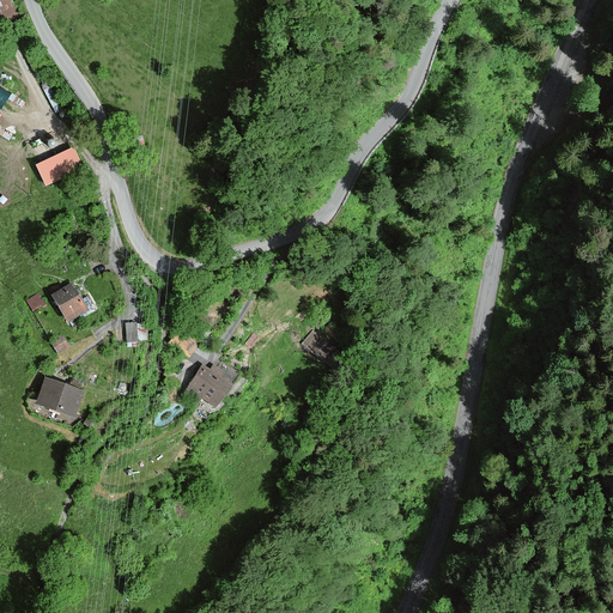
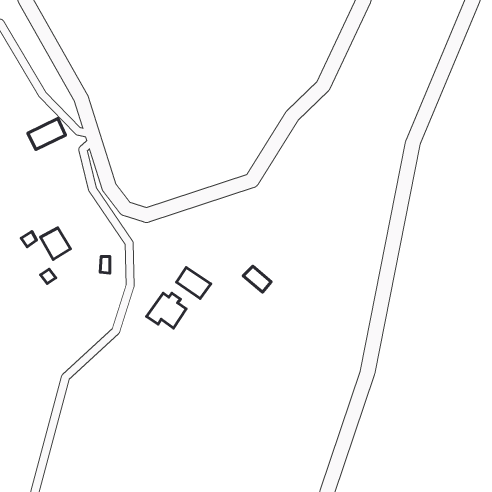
building: none -> [176,267,211,298]
building: [36,377,83,417] -> none

